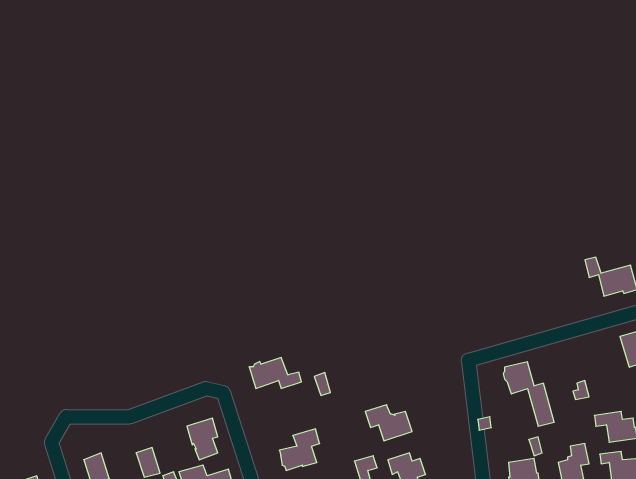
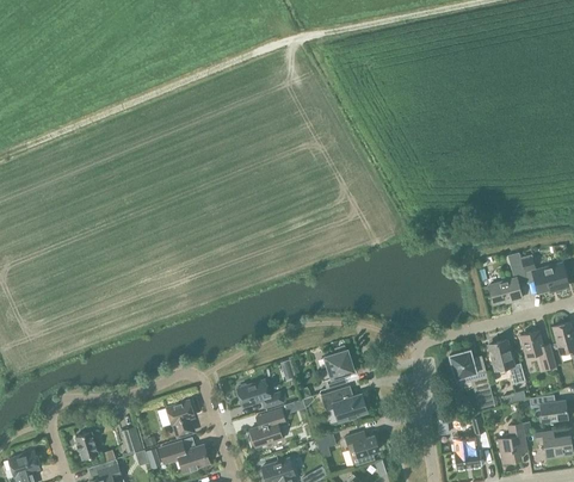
building: none -> [489,257,527,303]
building: none -> [520,330,556,369]
building: none -> [488,339,513,370]
building: none -> [320,345,354,389]
building: [249,358,301,388] -> [236,379,283,407]

